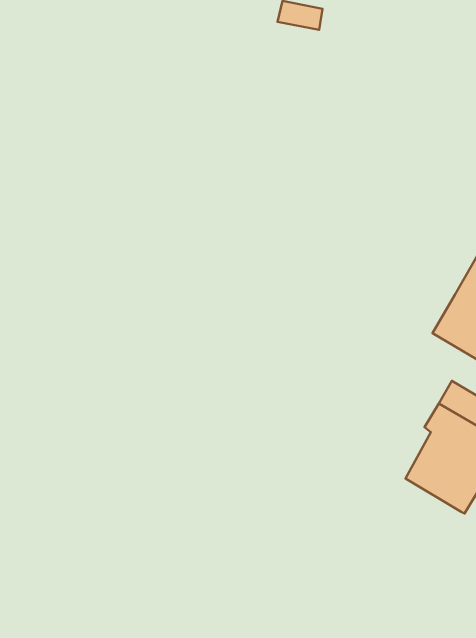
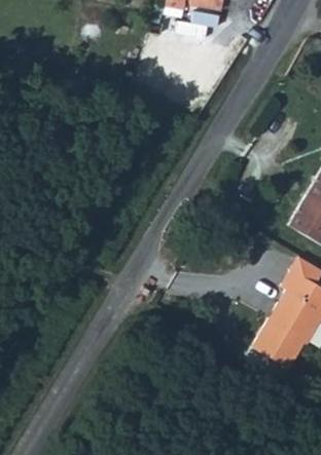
building: none -> [254,316,308,367]

